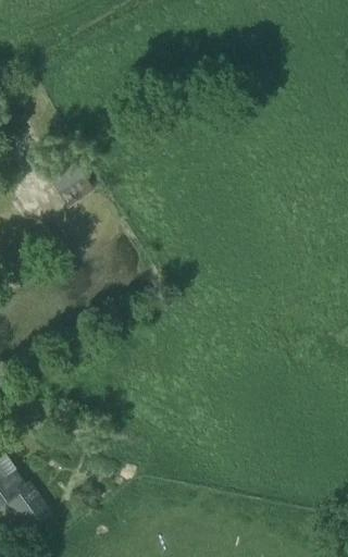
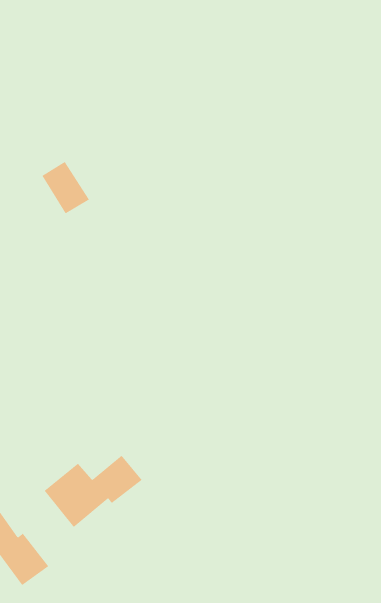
building: none -> [44,455,142,528]

